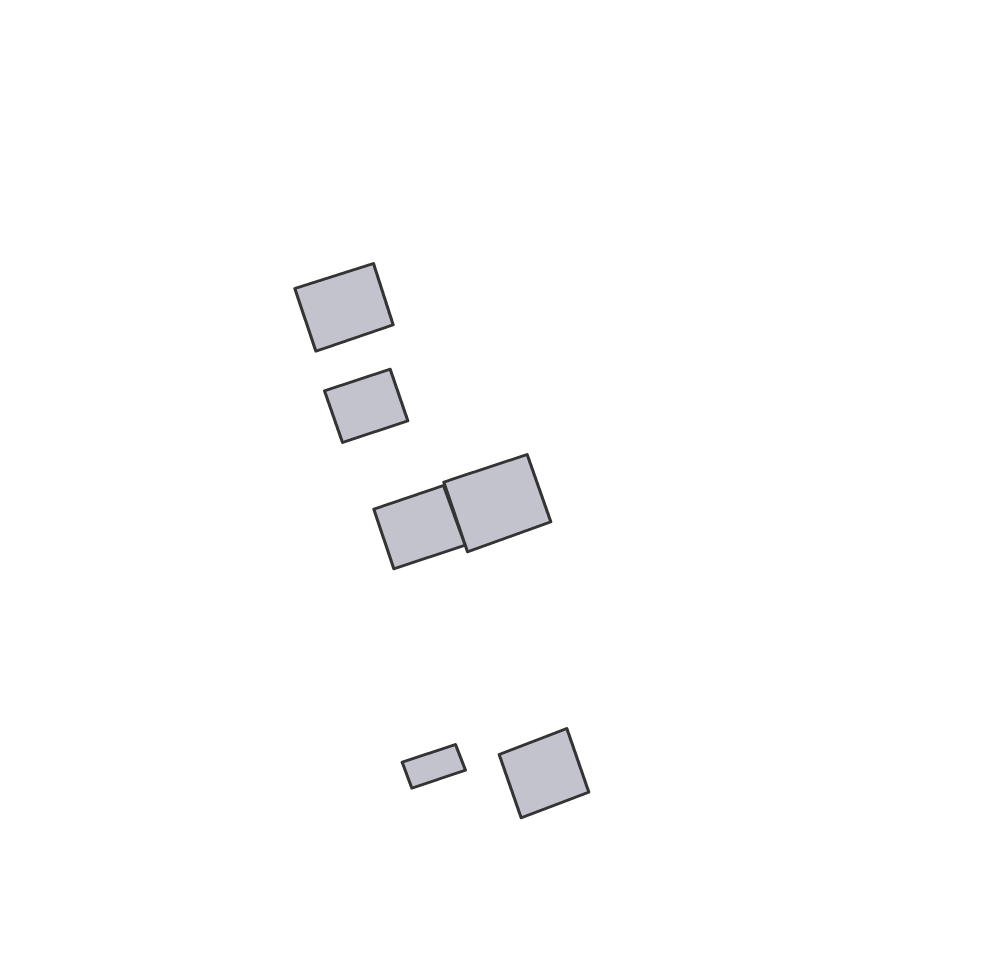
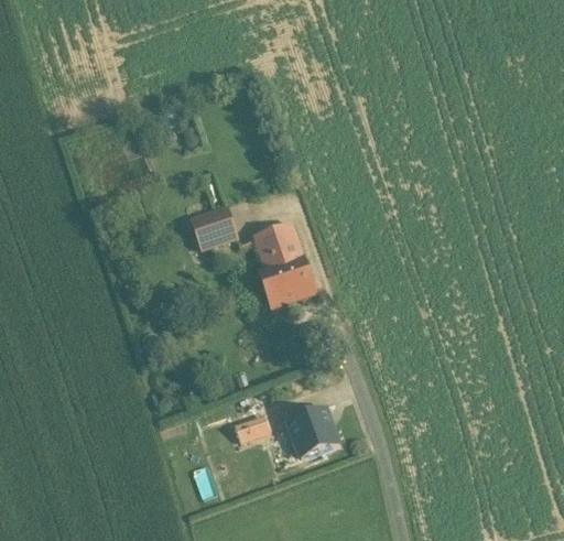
building: [295,263,393,351] -> none
building: [374,485,465,569] -> [253,221,304,268]

